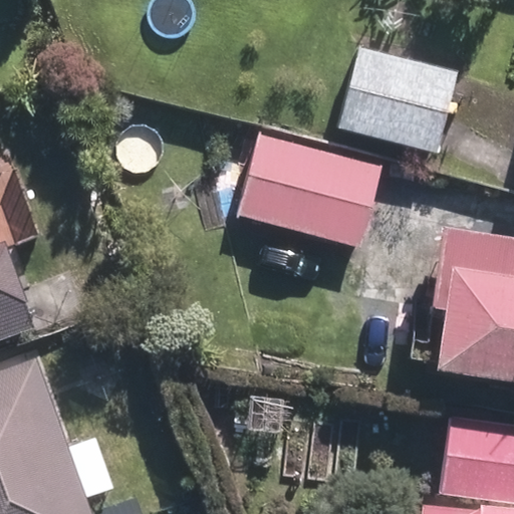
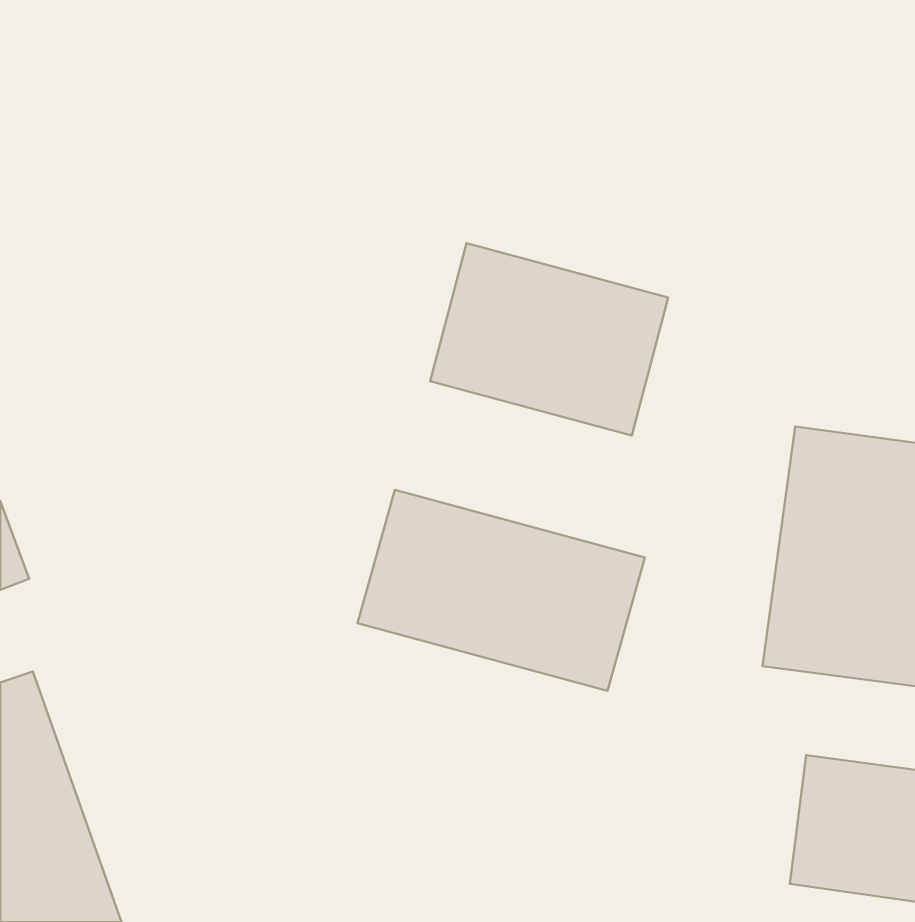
building: [347,50,451,152] -> none
building: none -> [358,490,645,691]

